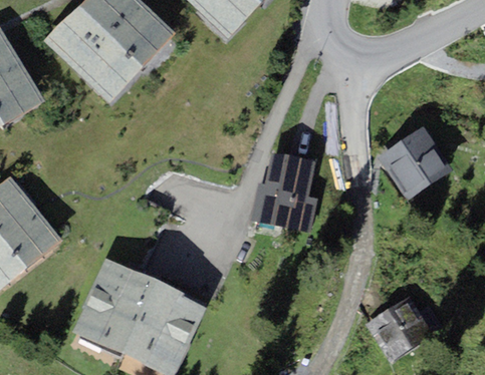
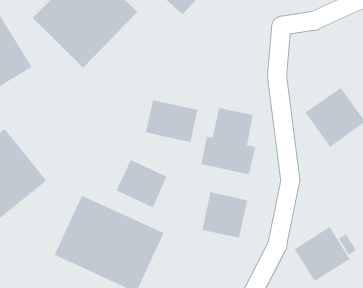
building: none -> [145,99,198,143]
building: none -> [116,159,167,208]
building: none -> [202,191,248,239]

